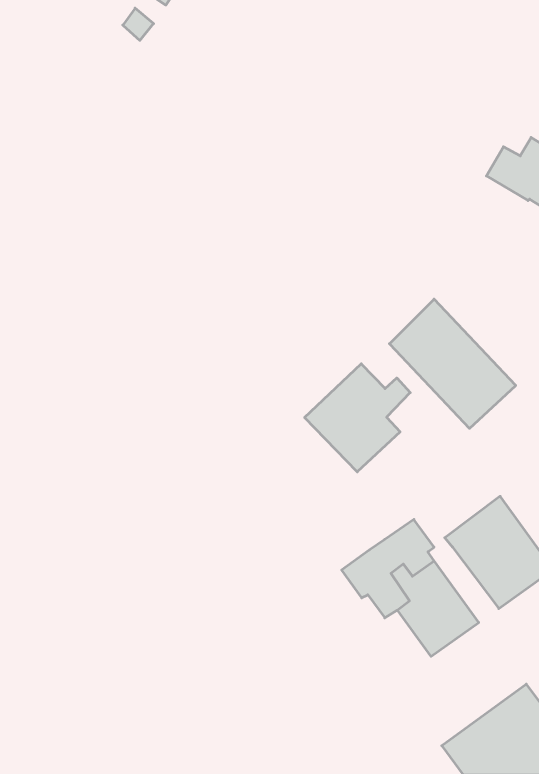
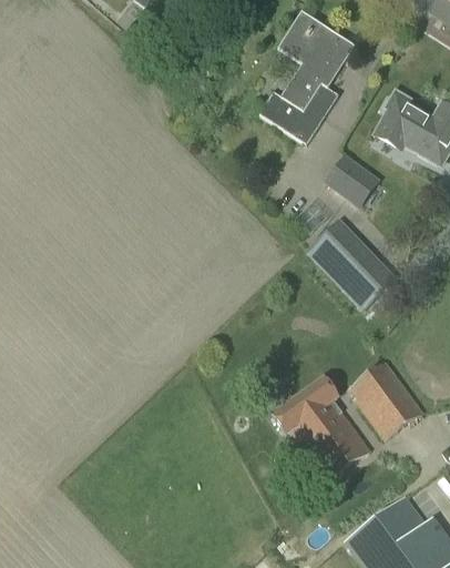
building: none -> [258,12,355,143]
building: none -> [324,153,376,204]
building: [305,364,410,472] -> none

